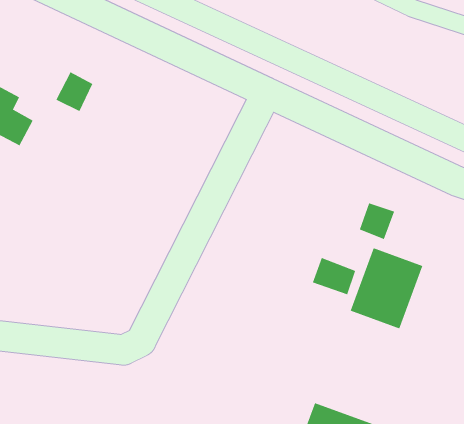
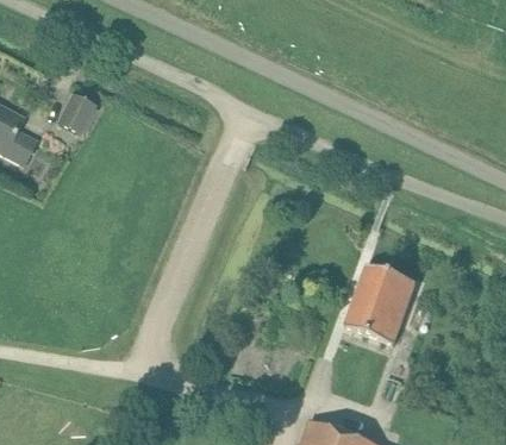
building: [359,202,395,240] -> none
building: [312,257,356,295] -> none

